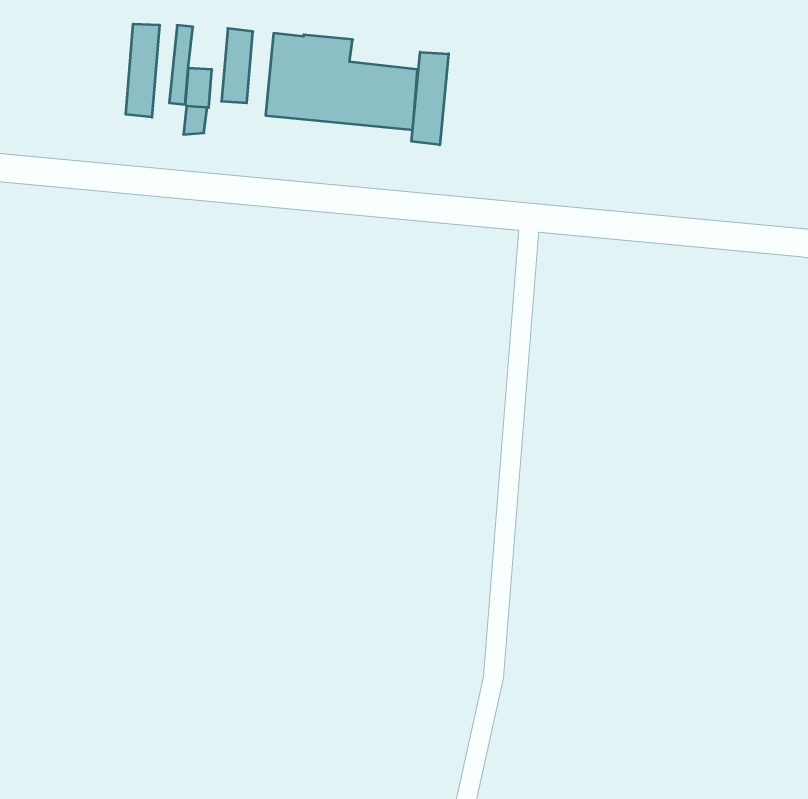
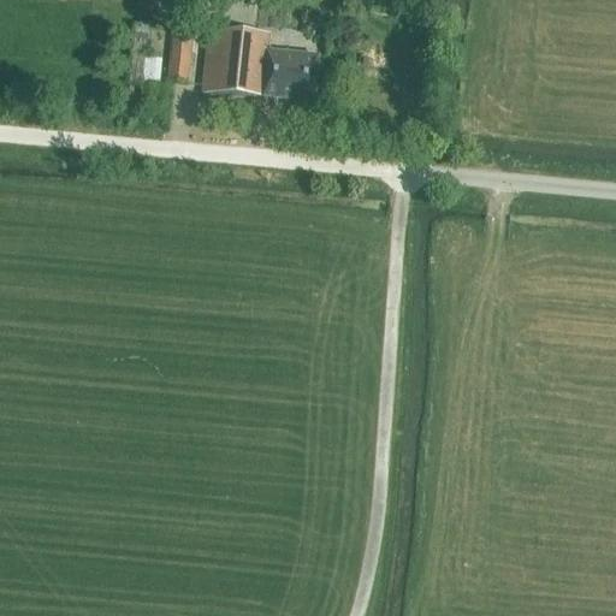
building: [126,24,160,117] -> none
building: [412,52,449,145] -> none

